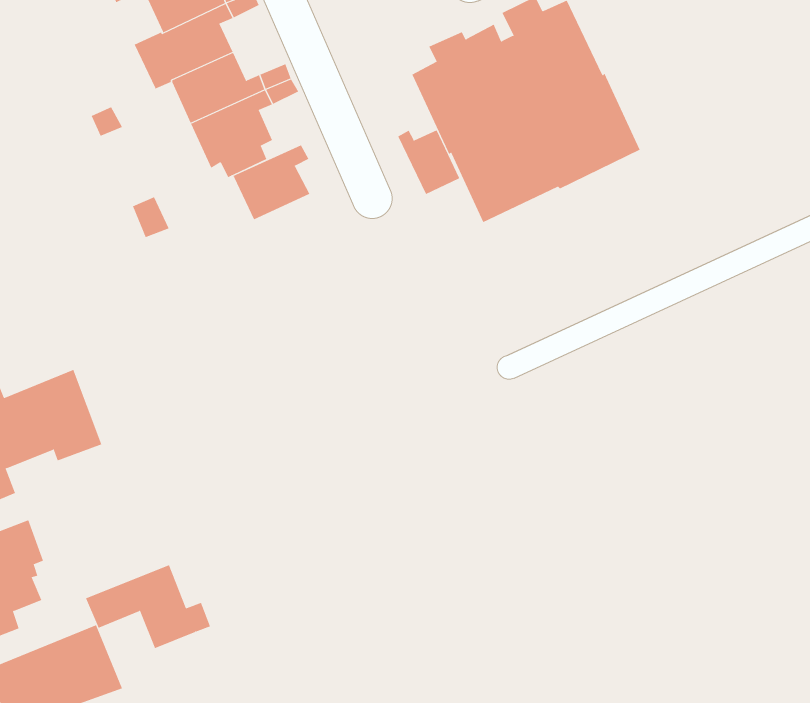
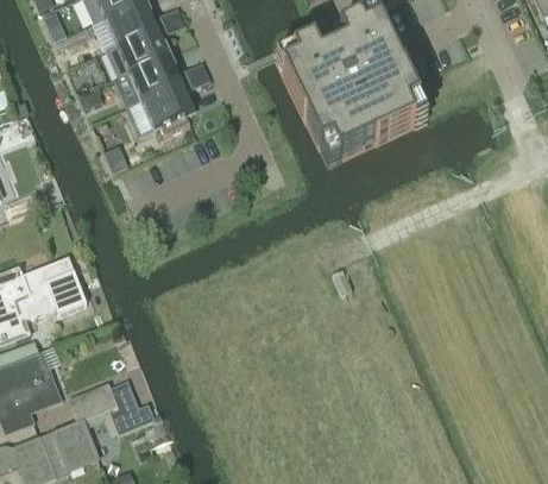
building: [398,129,460,195] -> none
building: [232,145,310,220] -> none

